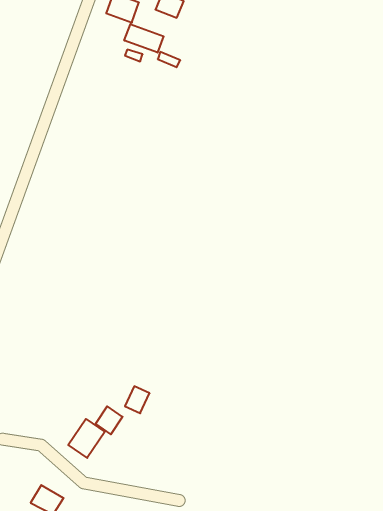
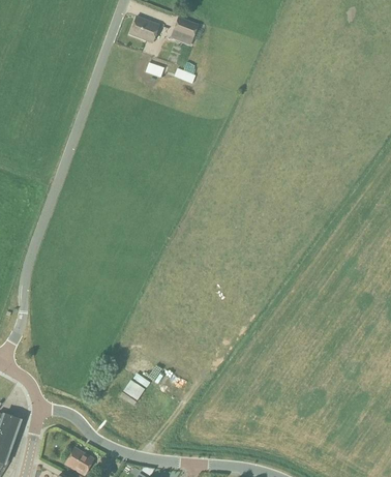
building: [124,24,164,53] -> none
building: [68,419,105,458] -> none

